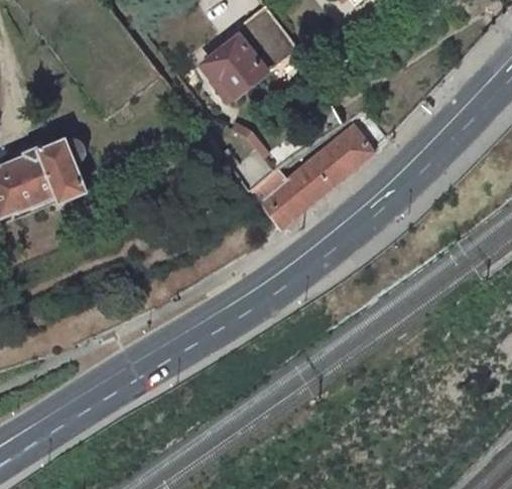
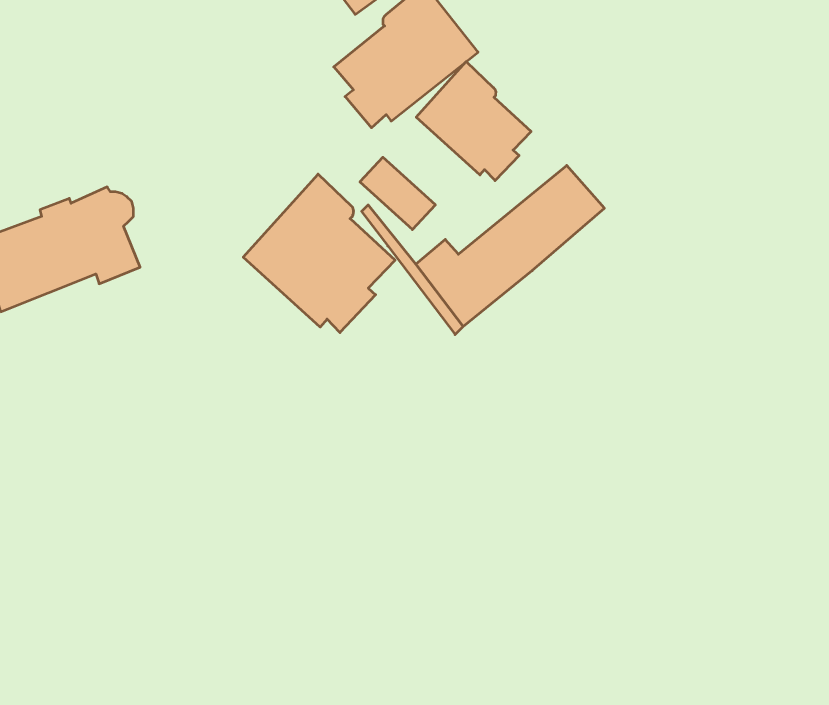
building: none -> [416,62,531,181]
building: none -> [243,174,395,333]

